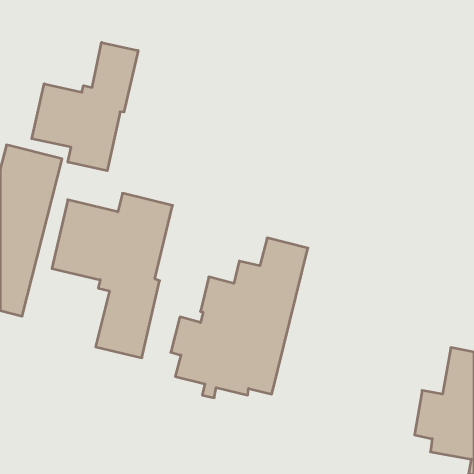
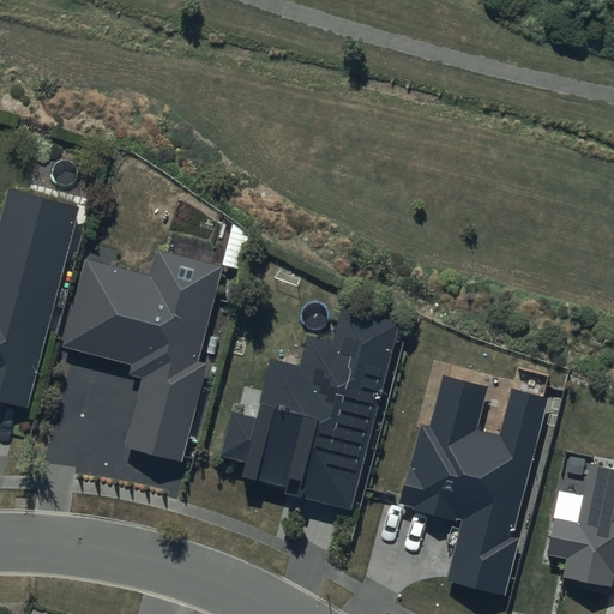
building: [32,42,138,171] -> none
building: none -> [396,374,546,595]

